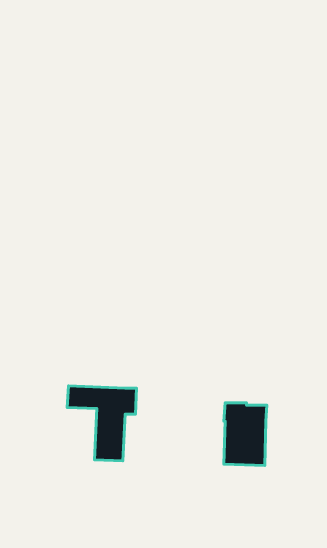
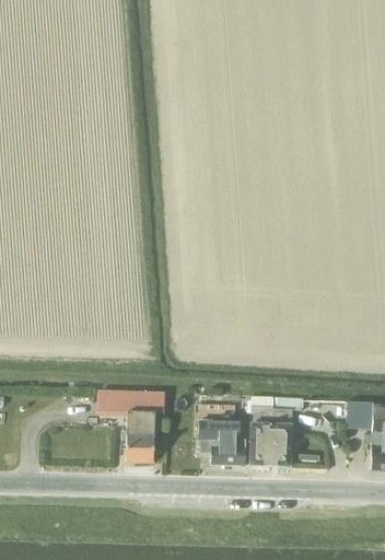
building: none -> [198,420,246,464]

